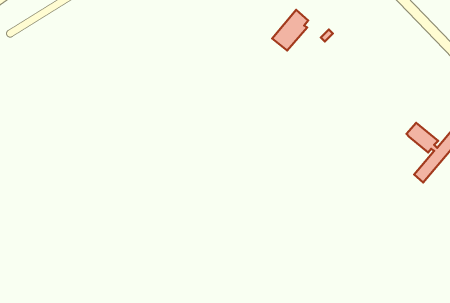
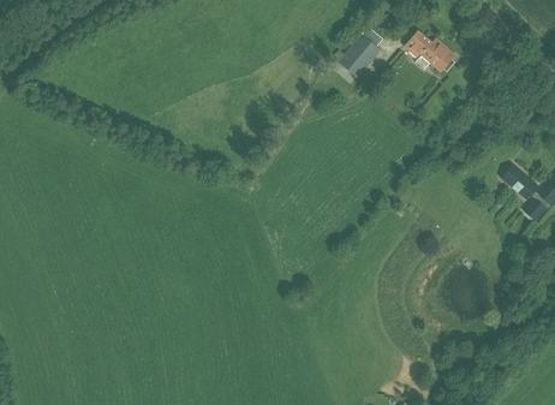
building: none -> [405,30,455,71]

